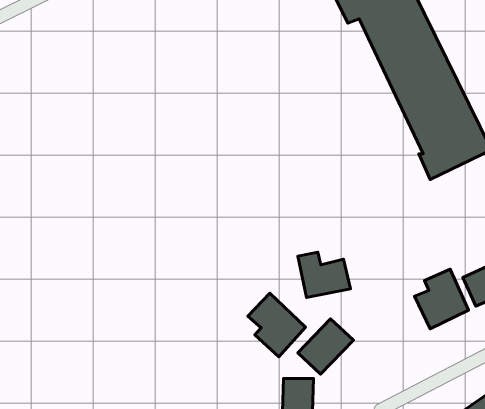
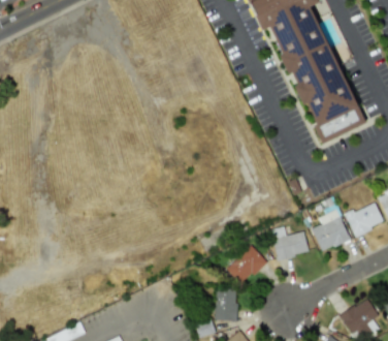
building: [298,252,351,297] -> [270,226,309,259]
building: [248,293,305,357] -> none

